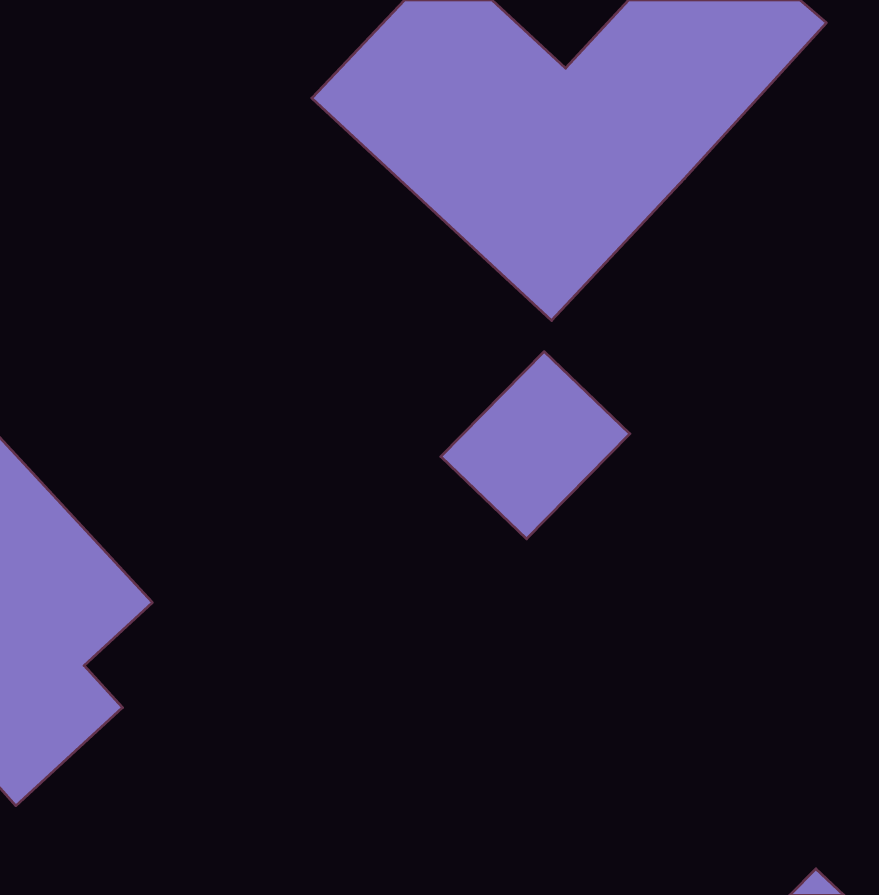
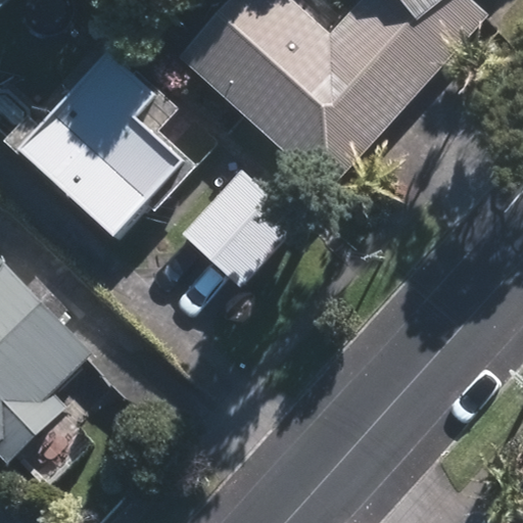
building: none -> [19,52,186,238]
building: [441,352,630,539] -> [183,172,293,281]

